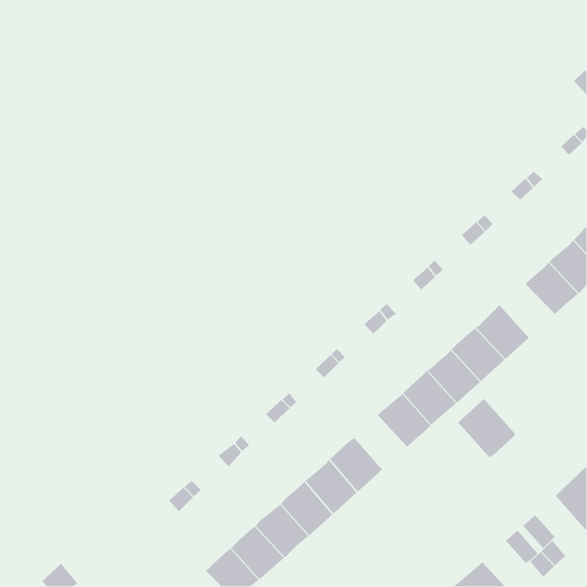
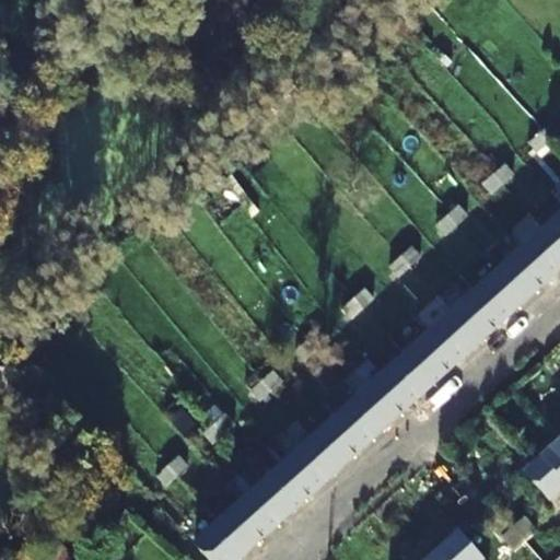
building: none -> [474,269,526,320]
building: [458,398,516,458] -> none
building: none -> [336,394,386,445]

